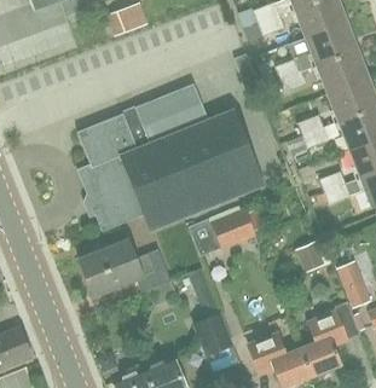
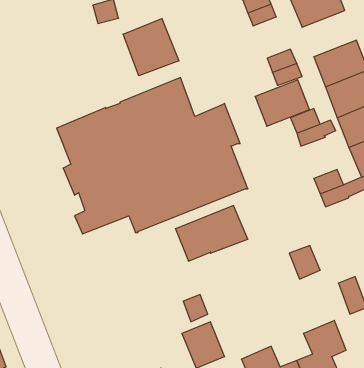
building: [306,22,357,65] -> [255,80,309,126]
building: none -> [123,18,179,76]
building: [79,241,172,297] -> none

